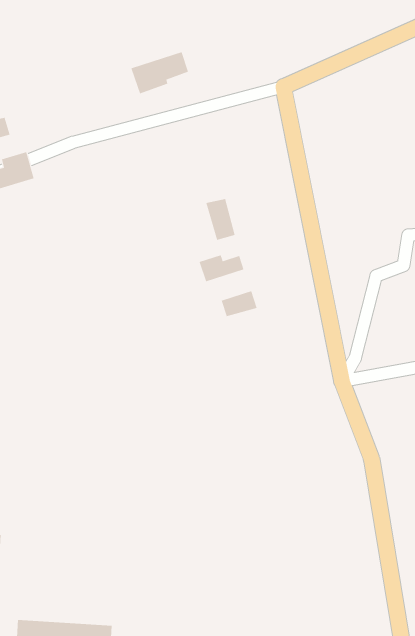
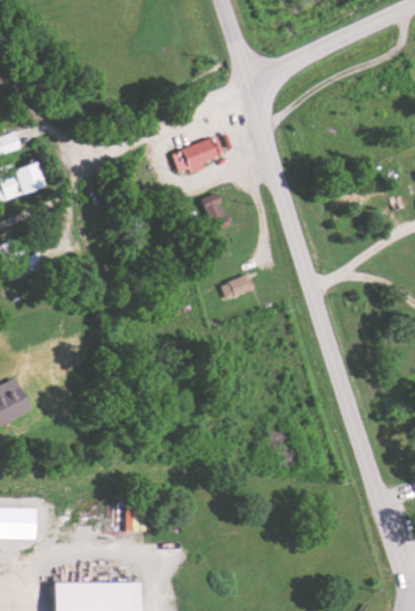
building: [131,52,189,94] -> [171,135,223,175]
building: [199,254,244,282] -> none

